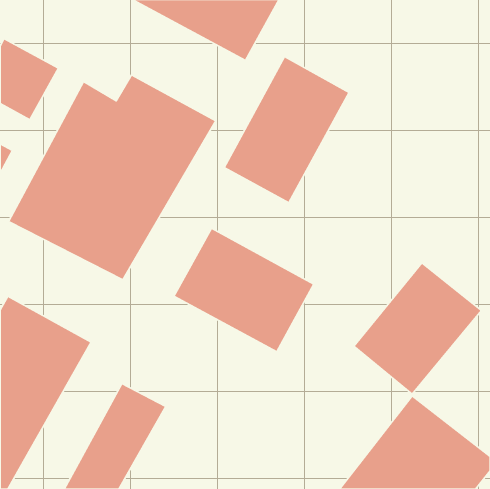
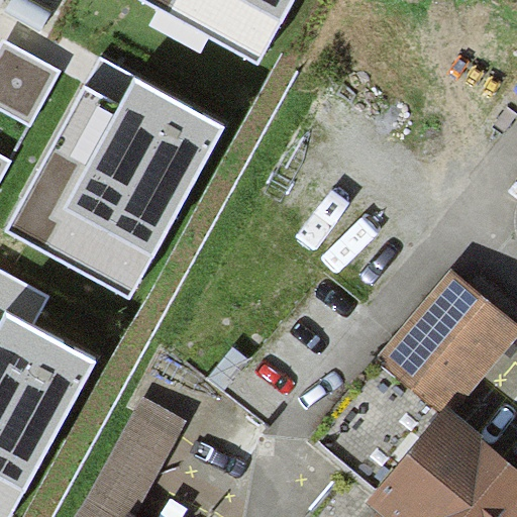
building: [224,56,349,203] -> none
building: [174,228,314,352] -> none

